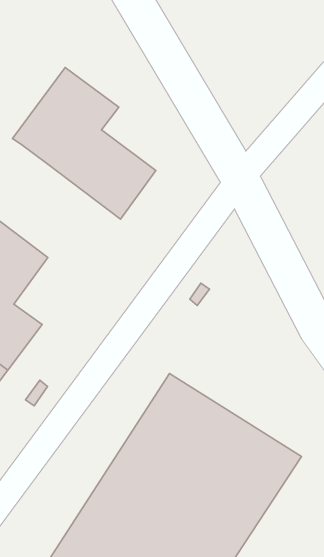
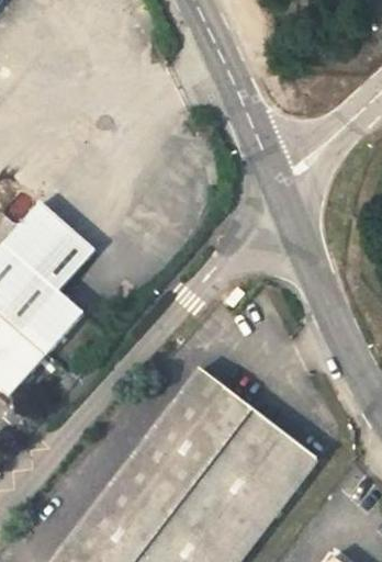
building: [12,67,156,219] -> none

